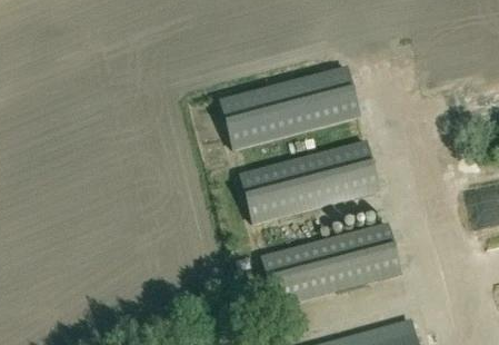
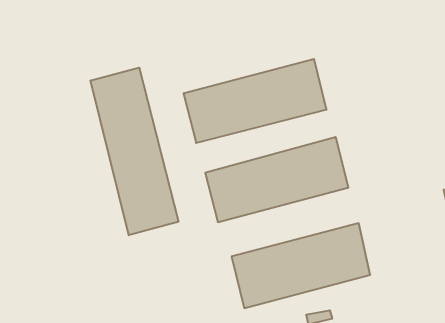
building: none -> [91,68,178,235]

